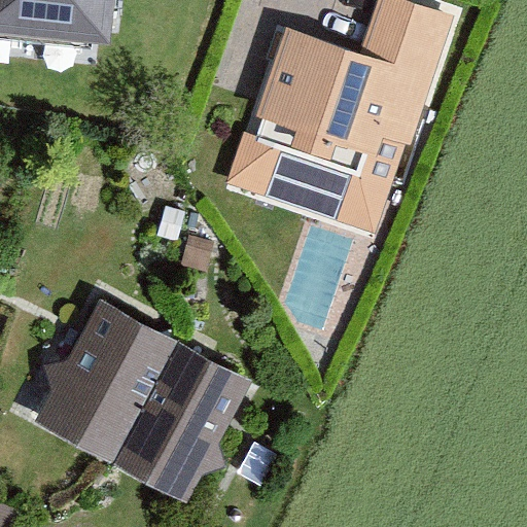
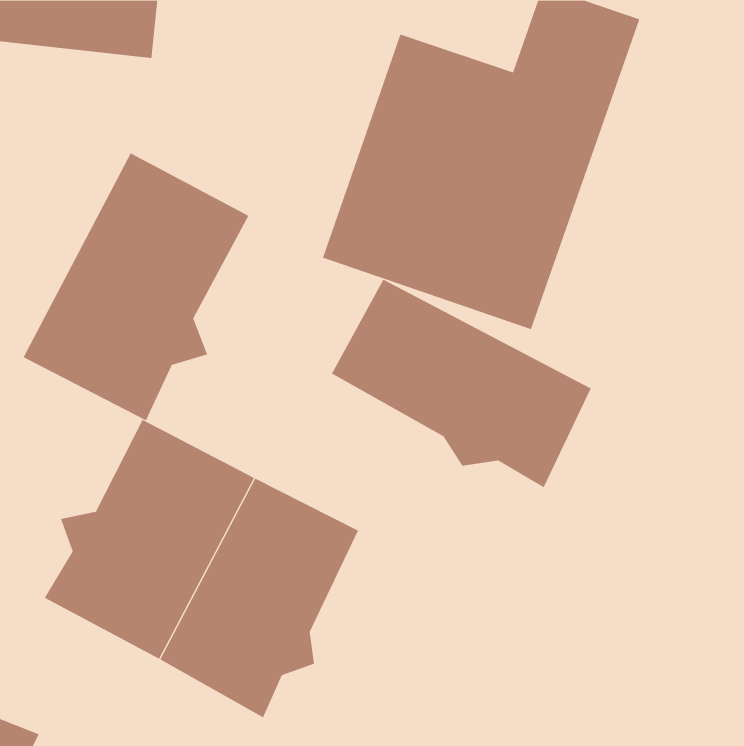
building: none -> [23,153,249,421]
building: none -> [331,279,592,488]

